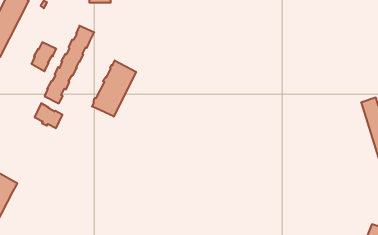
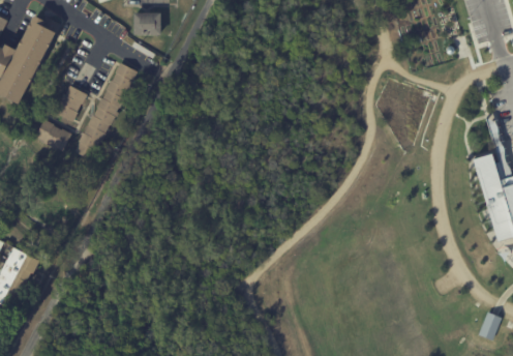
building: [92,60,136,117] -> none
building: [35,103,63,128] -> [36,118,71,149]

